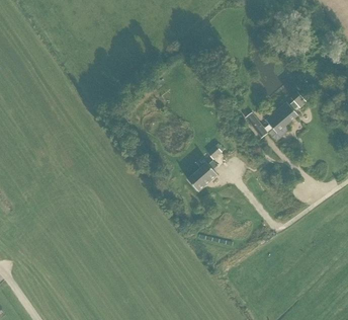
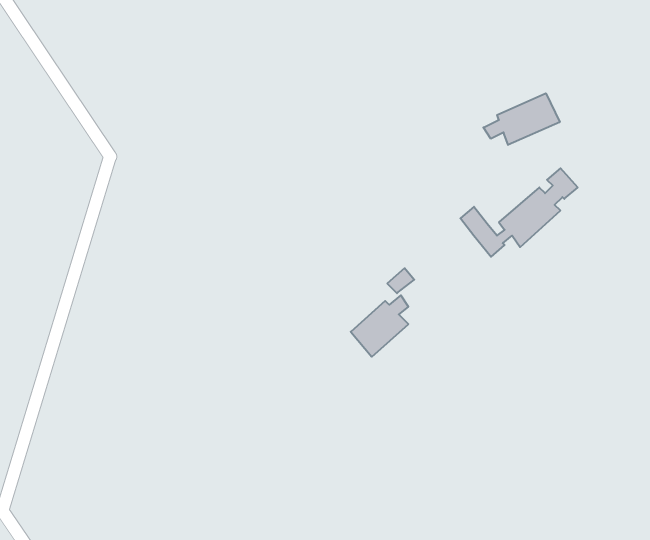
building: none -> [483,93,560,145]

